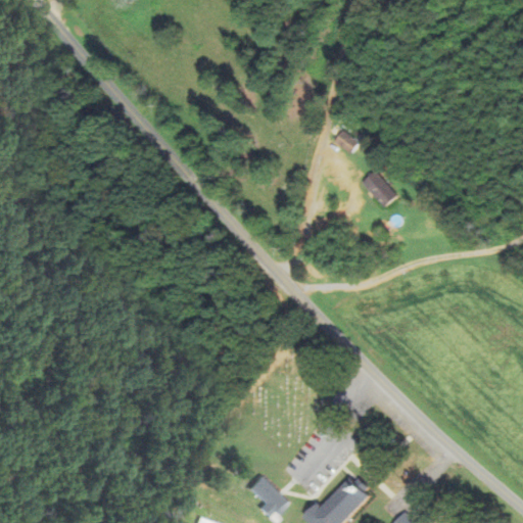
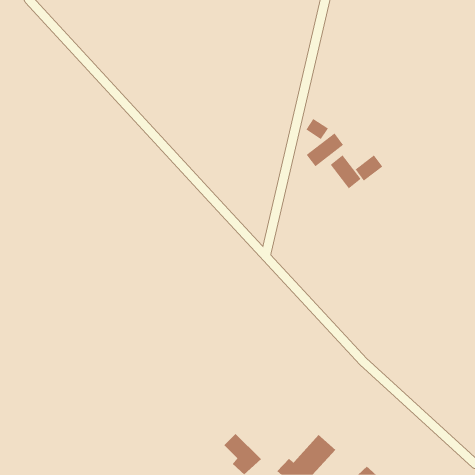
building: none -> [306,132,344,167]
building: none -> [355,155,383,182]

